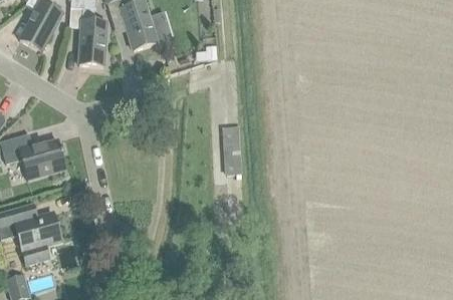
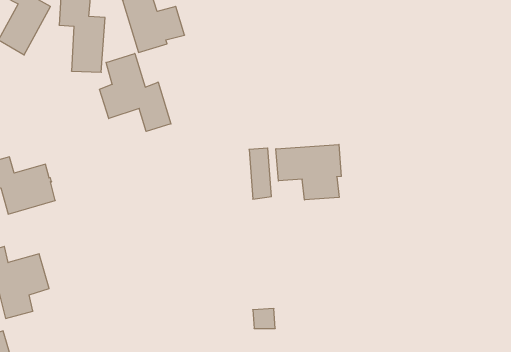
building: none -> [99,53,171,131]
building: none -> [276,144,341,200]

